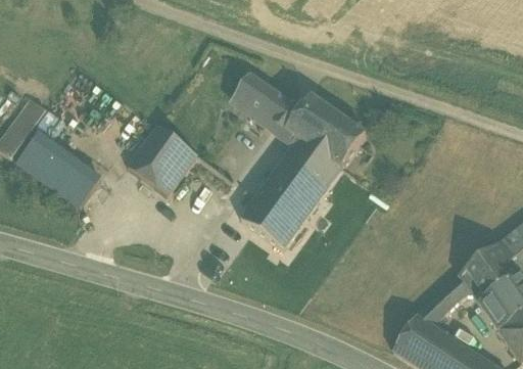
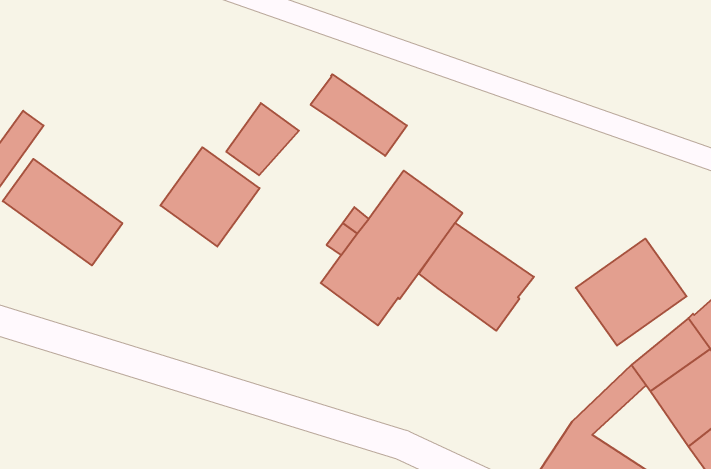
building: none -> [226,103,299,175]
building: [286,93,367,169] -> [419,223,534,331]
building: none -> [576,239,687,346]

